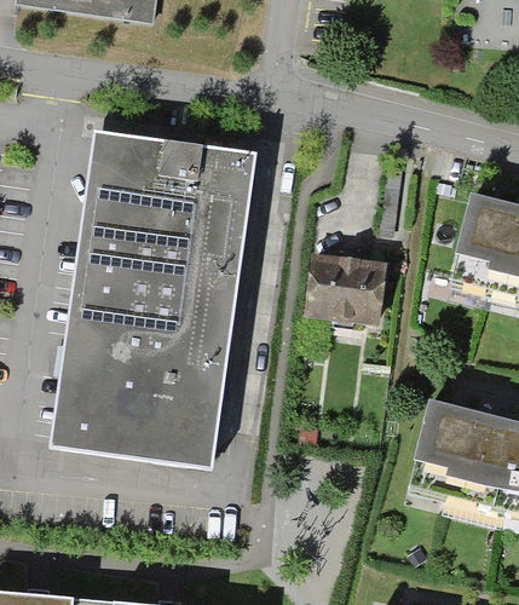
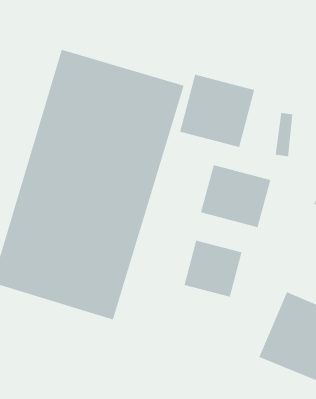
building: none -> [179,74,255,148]
building: none -> [184,240,242,297]

